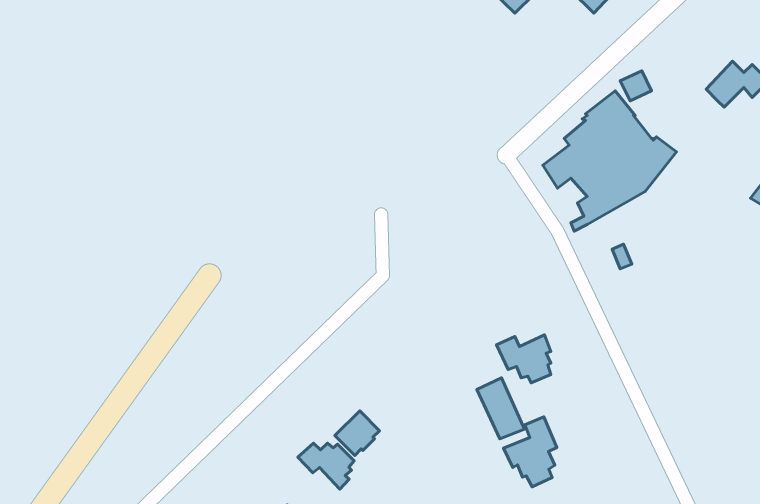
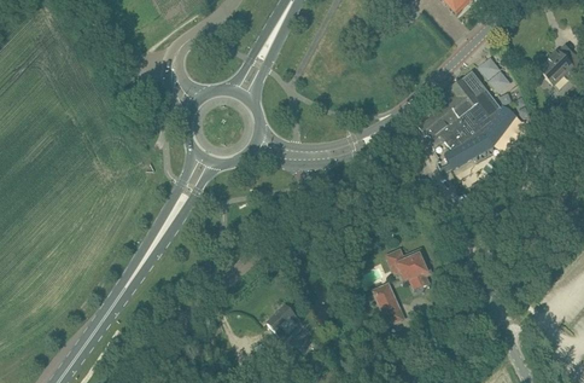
building: [504,417,557,487] -> none
building: [298,443,354,489] -> none

